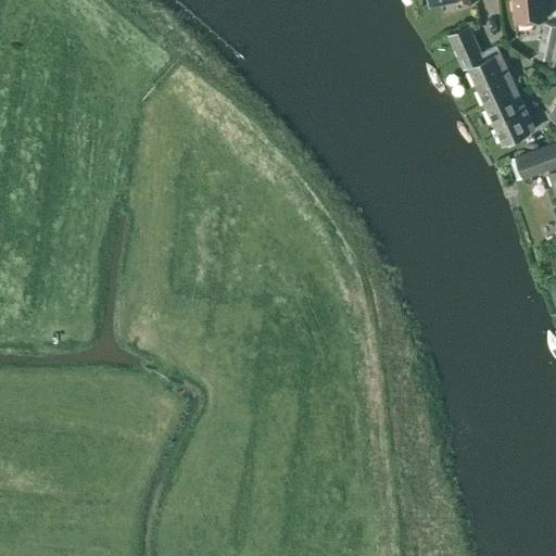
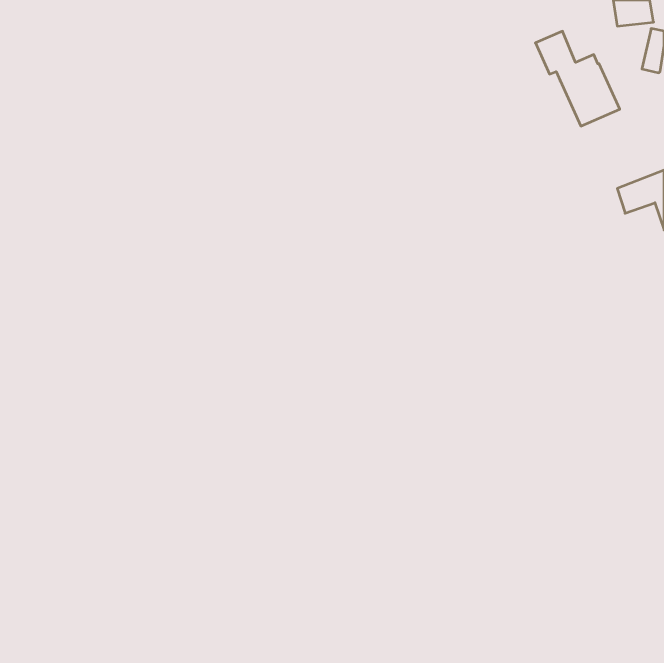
building: [485,92,534,146] -> none

